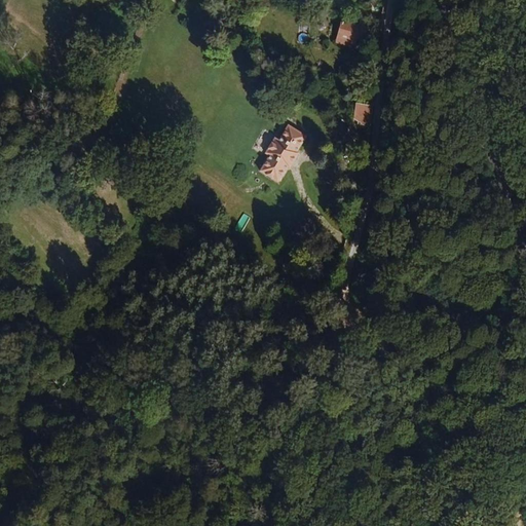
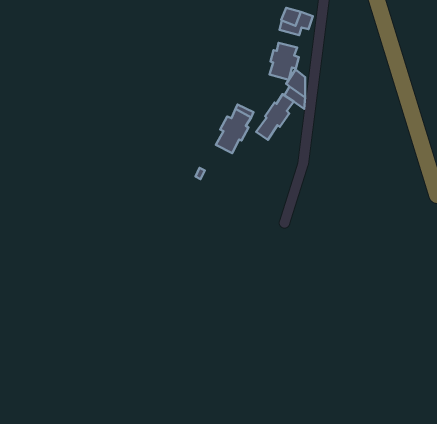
building: none -> [270,43,299,80]
building: none -> [256,94,294,140]

